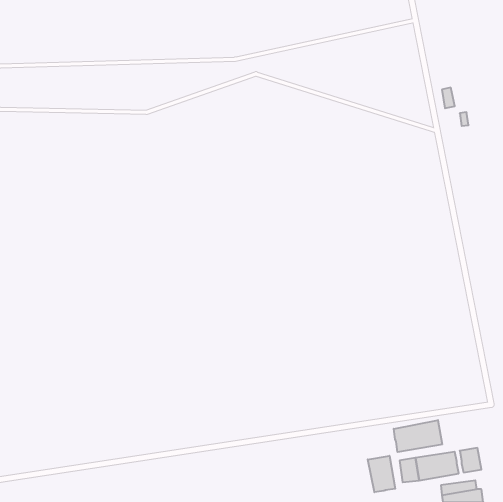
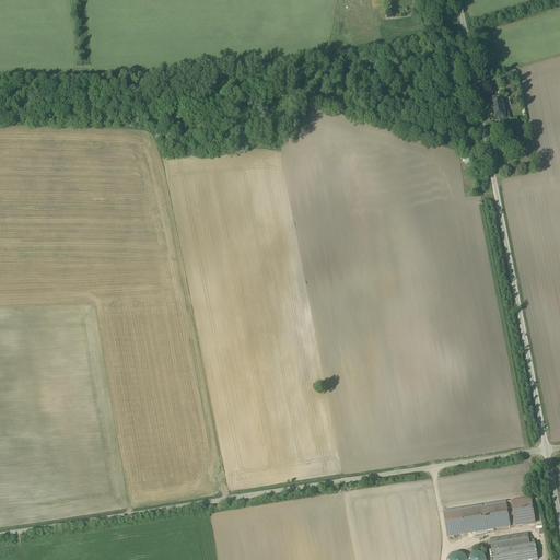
building: [394,420,442,452] -> none
building: [368,456,395,492] -> none

